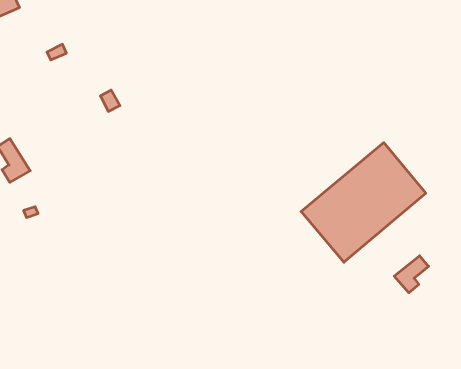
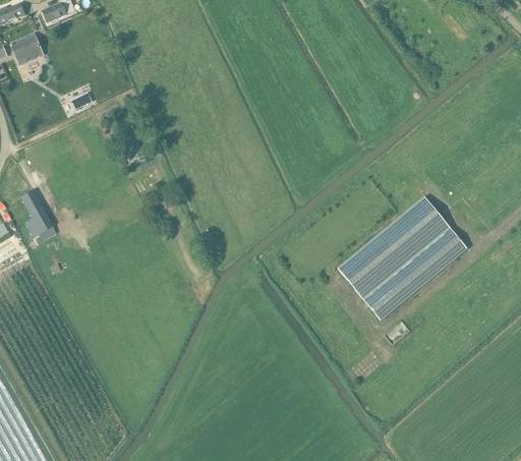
building: [394,256,429,293] -> none

